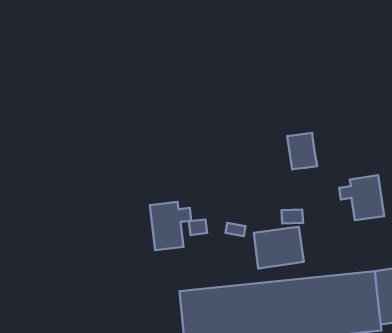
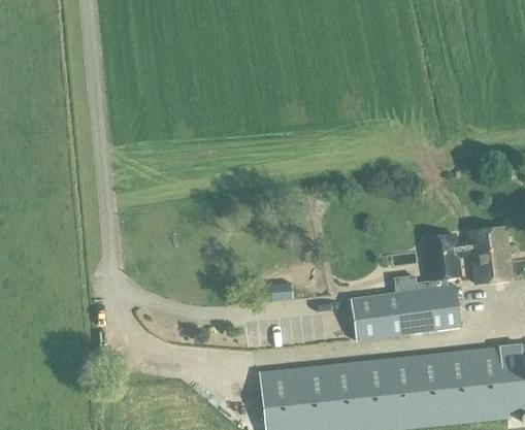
building: [287,133,317,170] -> [425,234,462,279]
building: [150,202,191,250] -> none
building: none -> [407,284,463,334]

